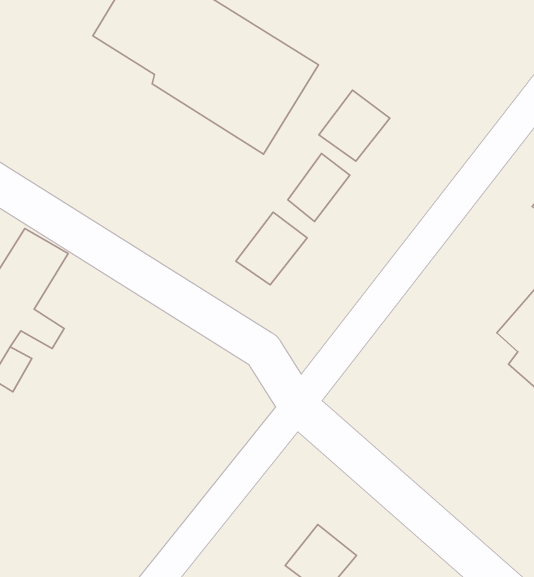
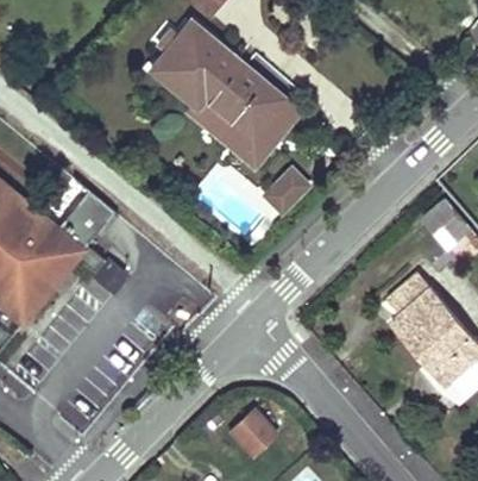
building: [319,90,390,161] -> none
building: [236,212,307,285] -> none

